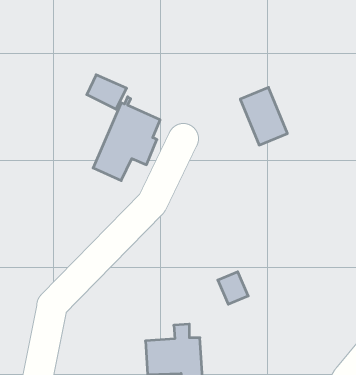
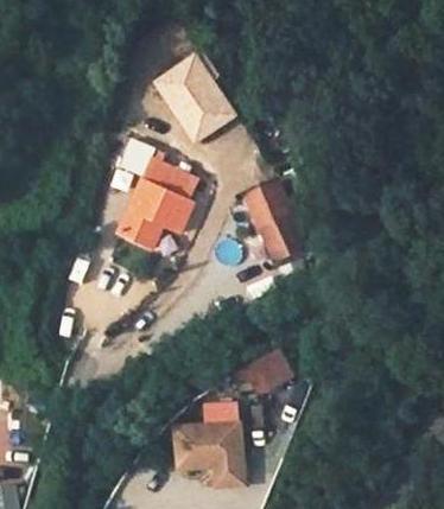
building: none -> [163,69,227,134]
building: [240,87,287,145] -> [250,196,304,261]

